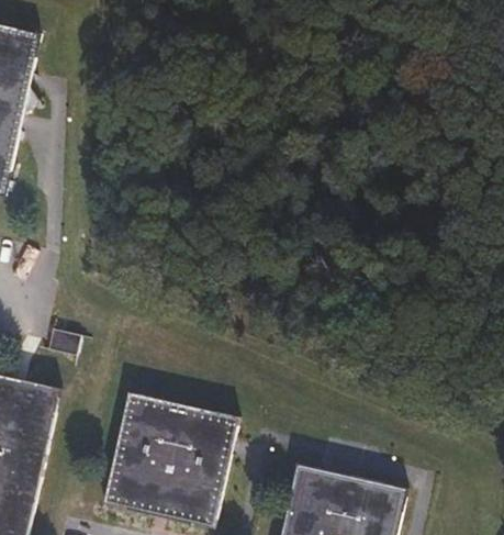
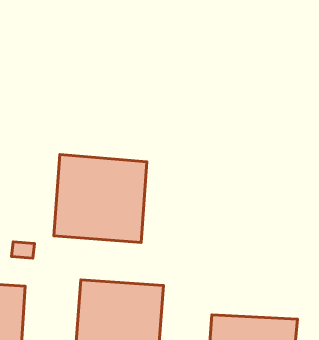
building: none -> [54,154,147,242]

